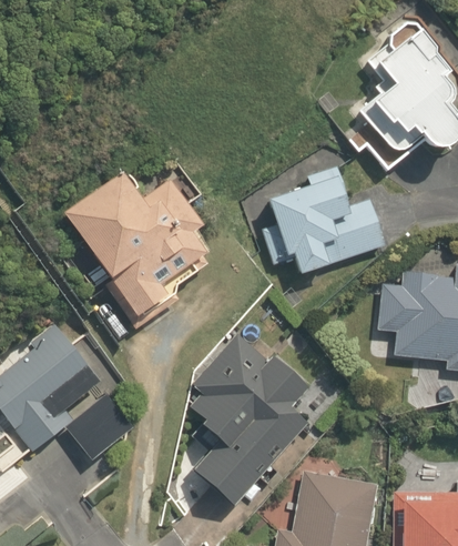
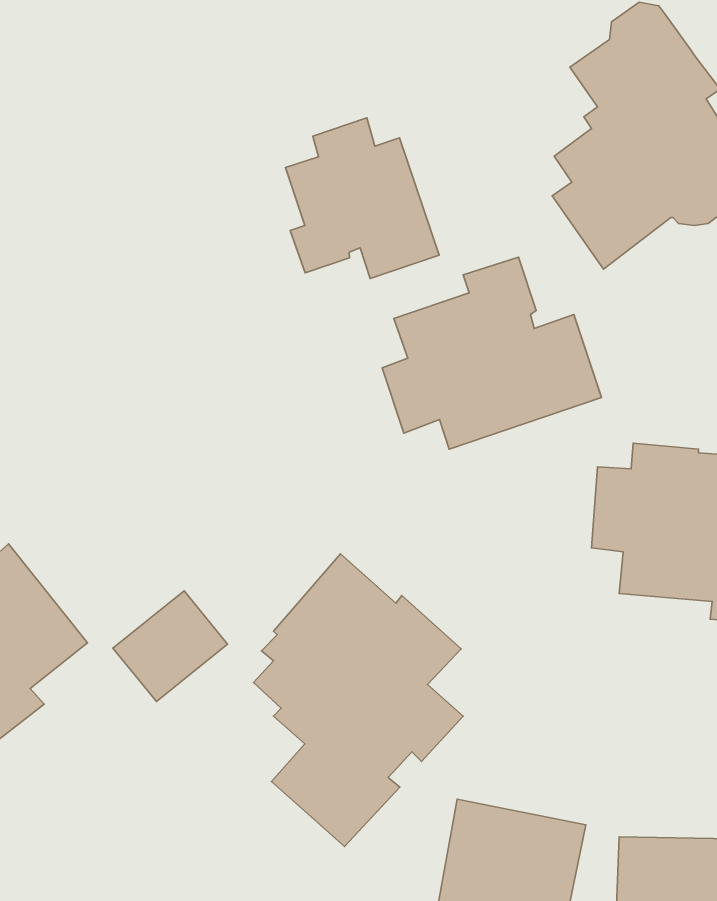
building: none -> [286,118,439,279]
building: [65,173,207,328] -> none
building: [68,397,132,459] -> [113,591,228,701]

